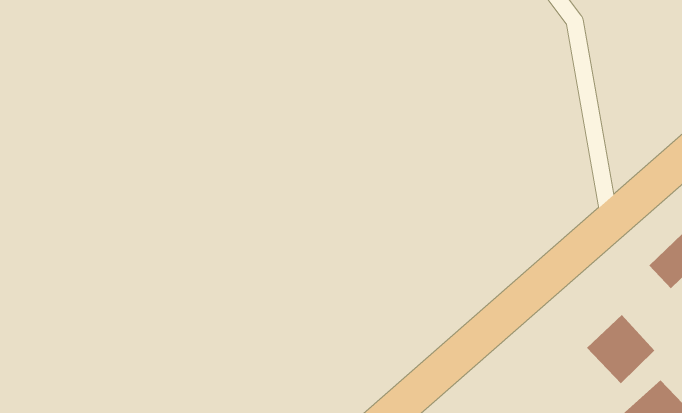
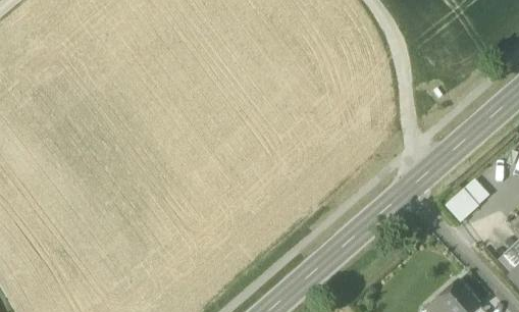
building: [586,314,655,384] -> none

